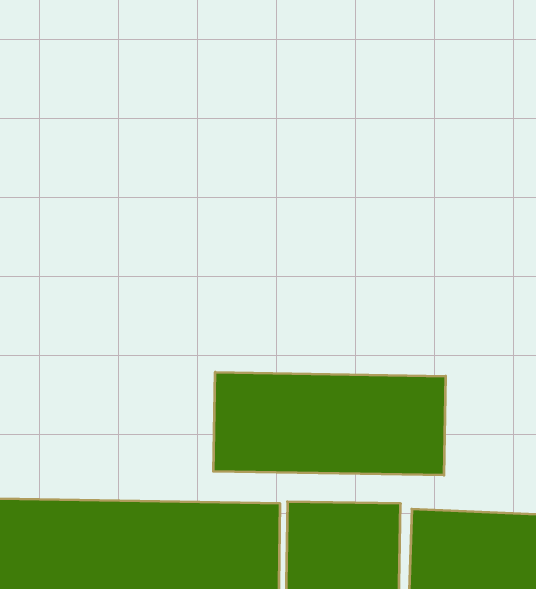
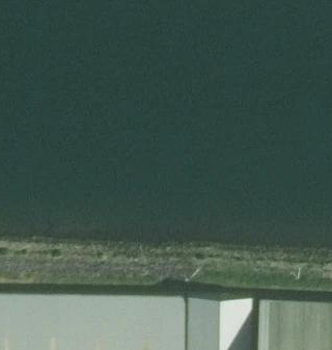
building: [213,372,446,475] -> none

